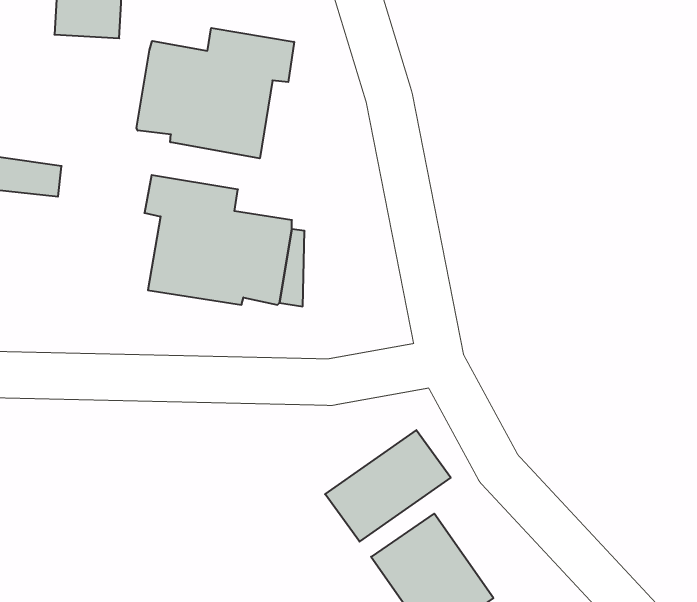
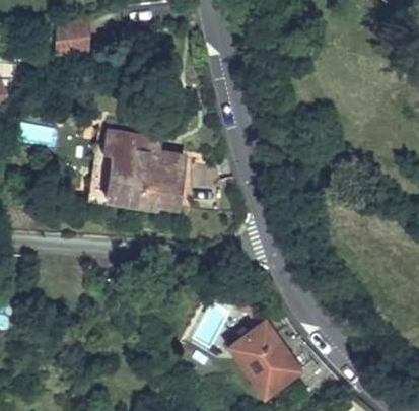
building: [137,28,294,158] -> none
building: [325,430,451,542] -> none

